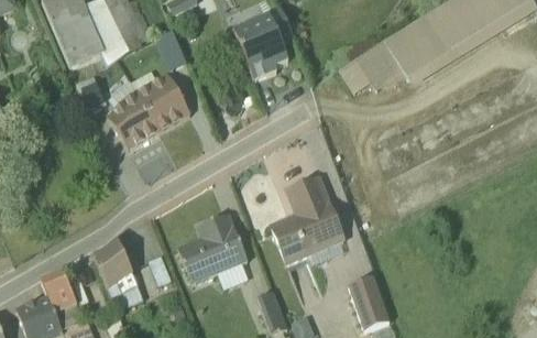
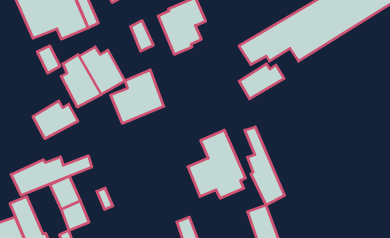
building: [155,31,185,70] -> [130,21,153,51]
building: none -> [239,64,284,99]
building: none -> [33,101,78,139]
building: none -> [245,127,285,205]
building: none -> [11,156,92,195]
building: [176,215,245,284] -> [110,70,164,123]

